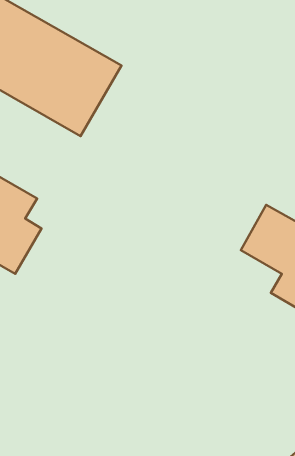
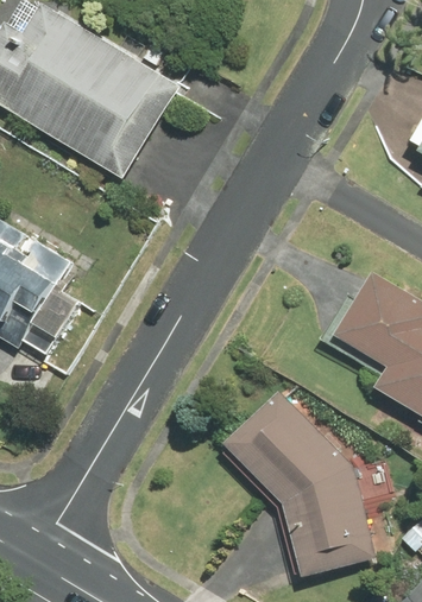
building: none -> [221,389,371,574]

